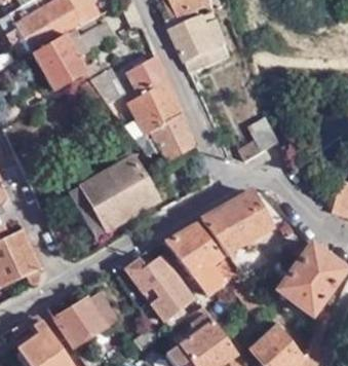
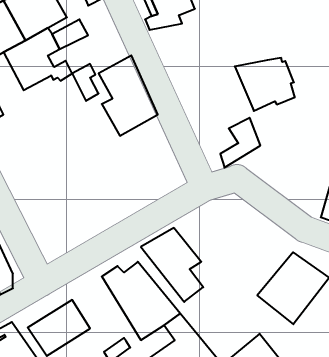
building: [171,22,230,73] -> [235,58,295,111]
building: [132,112,194,160] -> none
building: [67,152,156,233] -> none
building: [199,191,272,256] -> none

